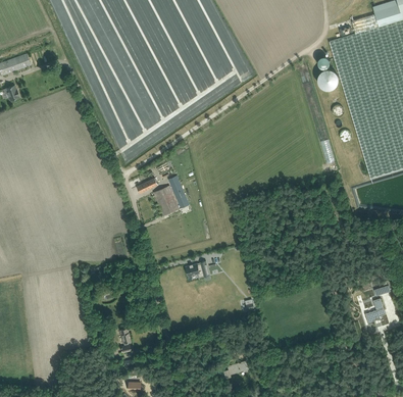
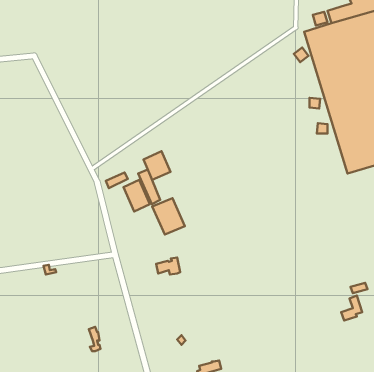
building: none -> [143,151,170,180]
building: none -> [152,198,185,235]

